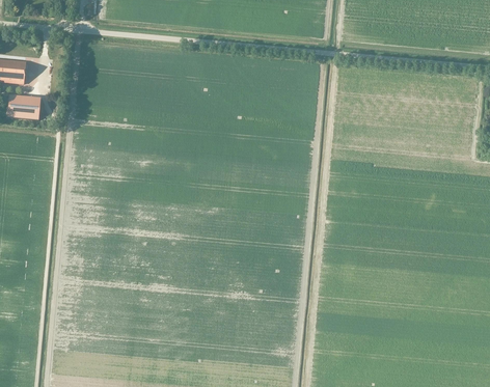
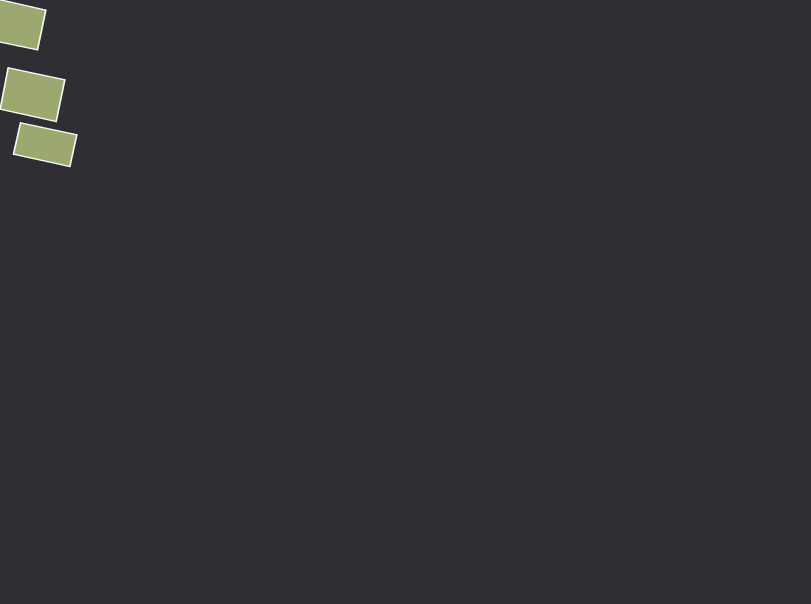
building: none -> [13,123,77,166]

